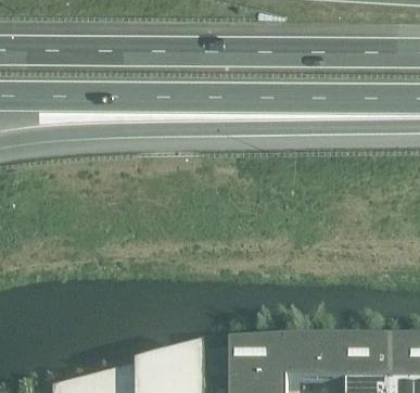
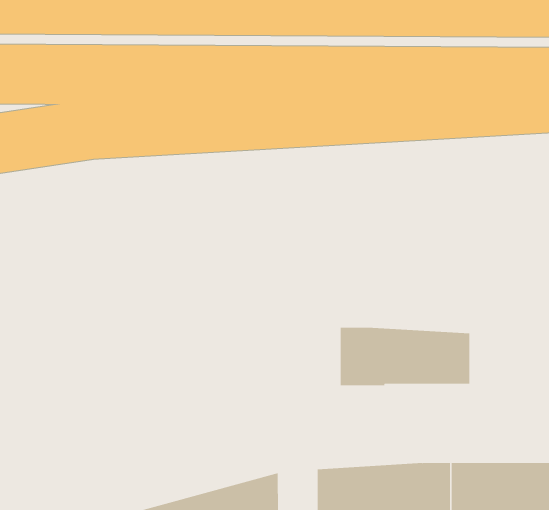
building: none -> [340,327,470,386]

